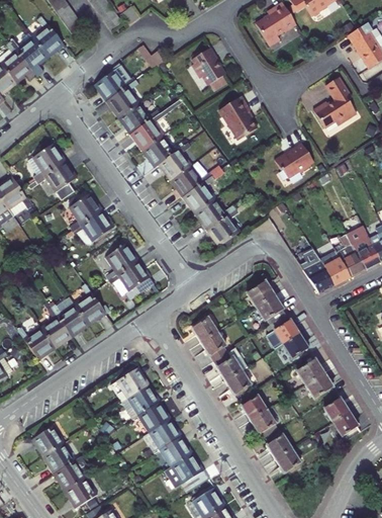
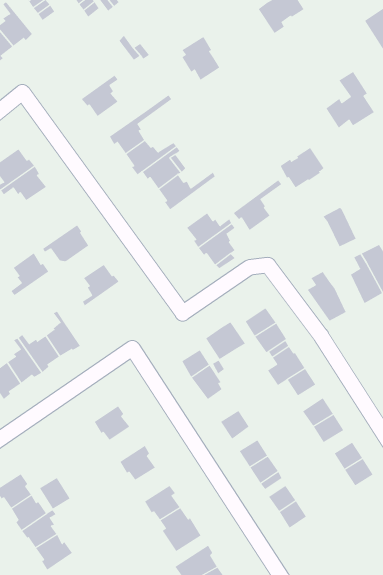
building: [95,67,134,101] -> none
building: [220,96,258,141] -> none
building: [119,103,160,134] -> none
building: [182,168,224,212] -> [233,179,282,231]
building: [69,193,102,231] -> [11,253,49,296]
building: [320,251,350,285] -> [323,207,357,247]
building: [108,259,148,289] -> none
building: [213,347,249,380] -> [205,321,246,360]
building: [129,384,161,415] -> none
building: [142,420,182,453] -> none
building: none -> [39,477,70,510]

